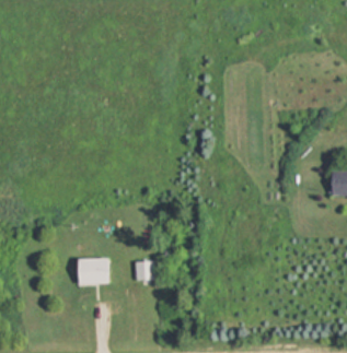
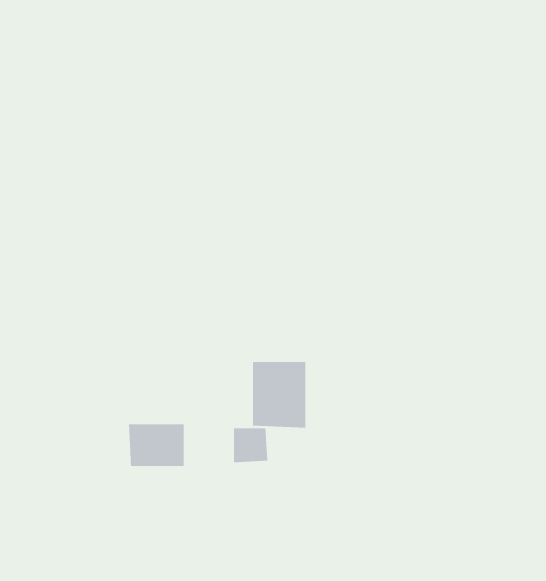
building: none -> [252,361,306,428]

